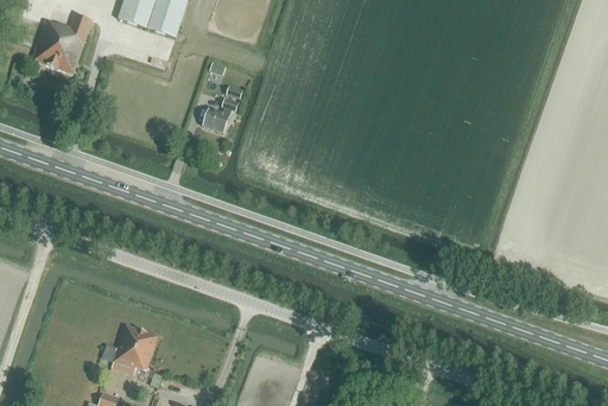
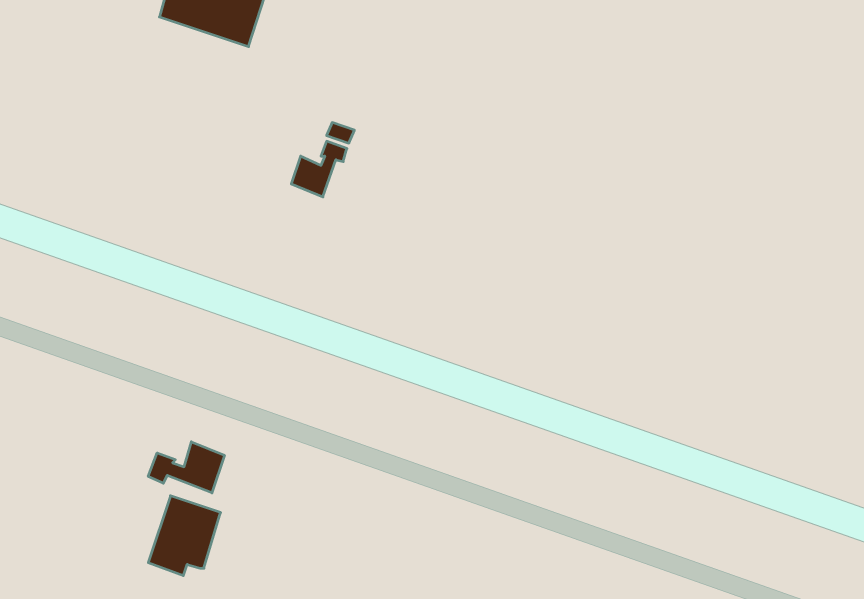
building: [31,13,91,74] -> none
building: none -> [148,442,224,493]

